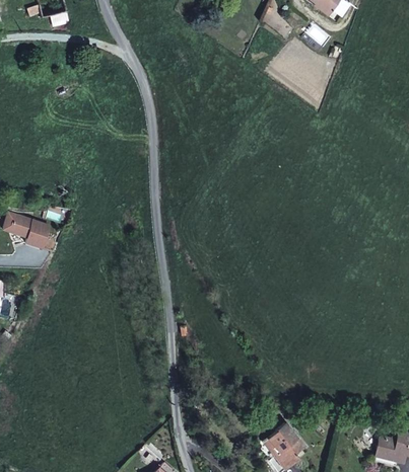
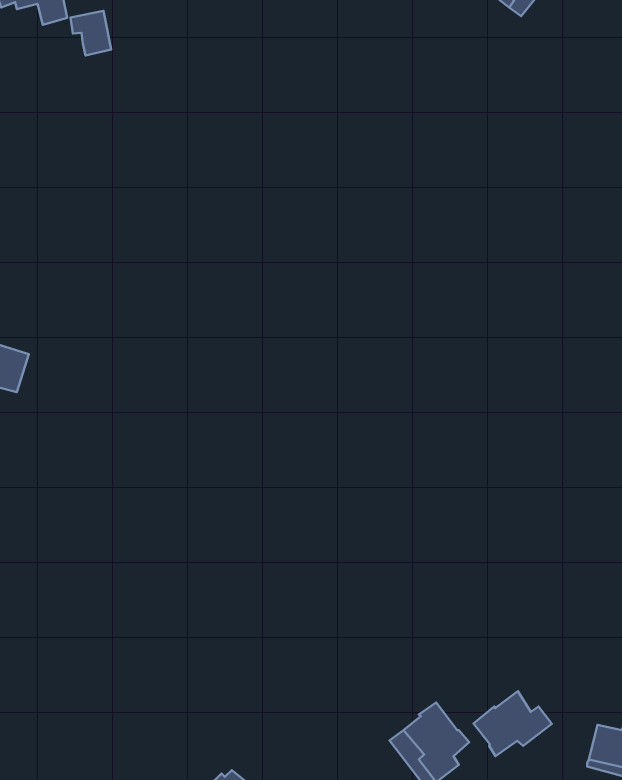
building: none -> [71,11,111,56]
building: none -> [473,691,552,756]

